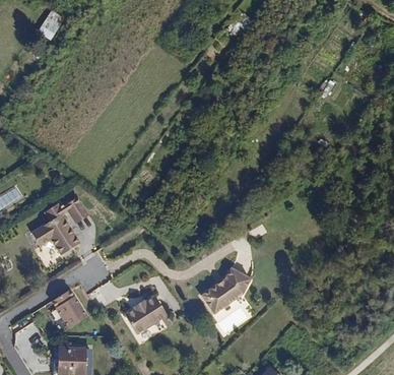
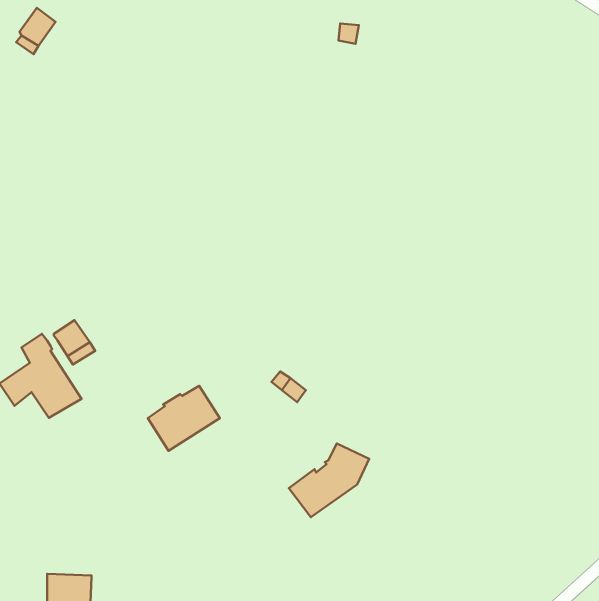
building: [51,290,85,327] -> none
building: [123,294,166,332] -> [148,386,220,451]

